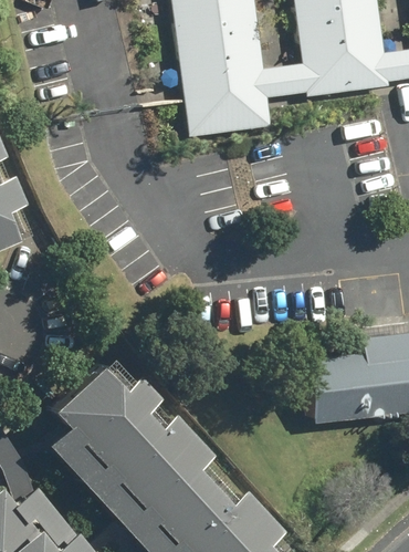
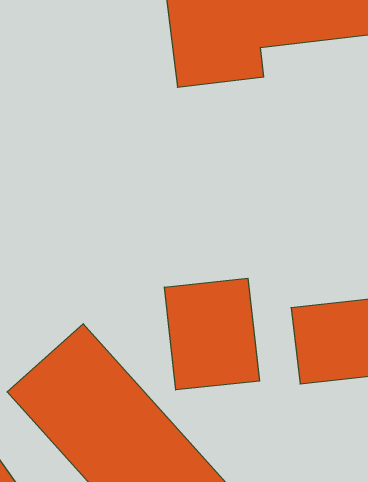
building: none -> [164,278,259,390]

